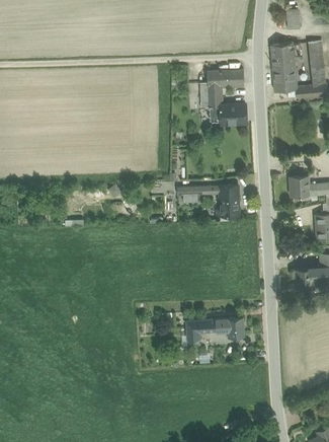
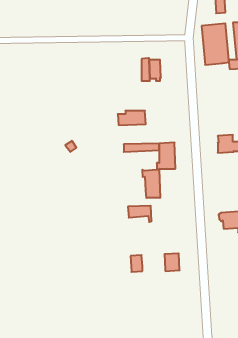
building: [207,70,243,86] -> none
building: [212,106,245,124] -> [118,111,146,125]
building: none -> [142,169,160,198]
building: [198,318,227,338] -> [128,206,152,222]

